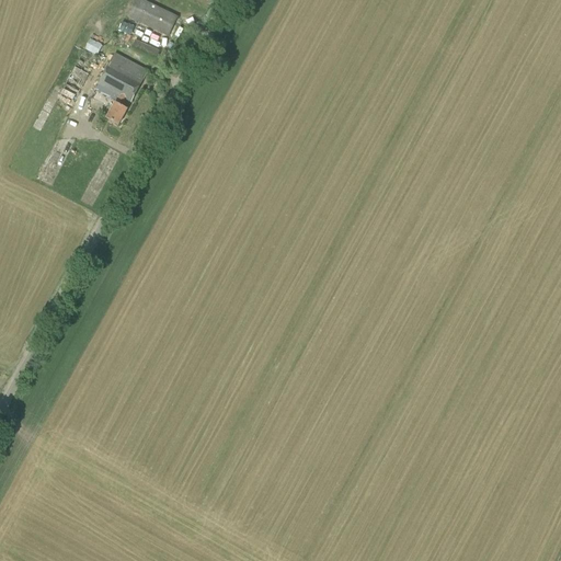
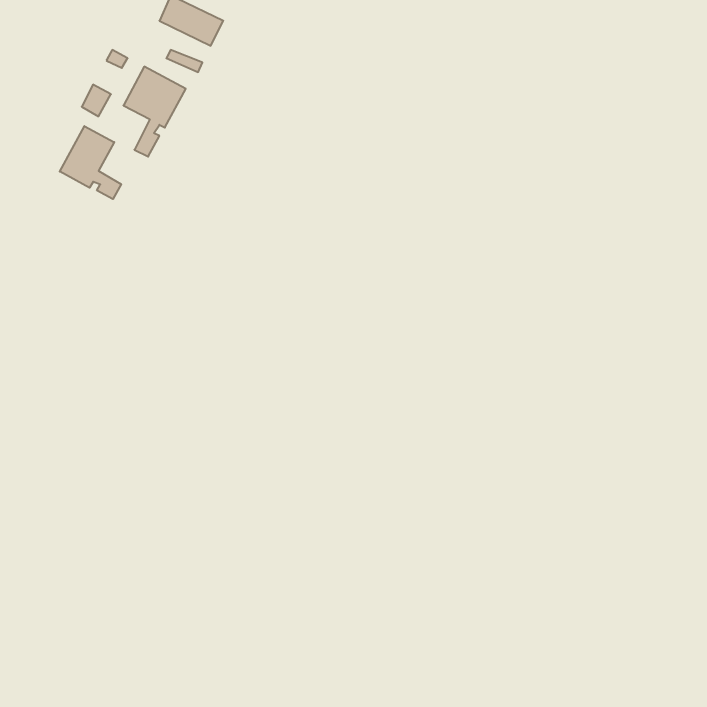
building: none -> [60,126,121,199]

